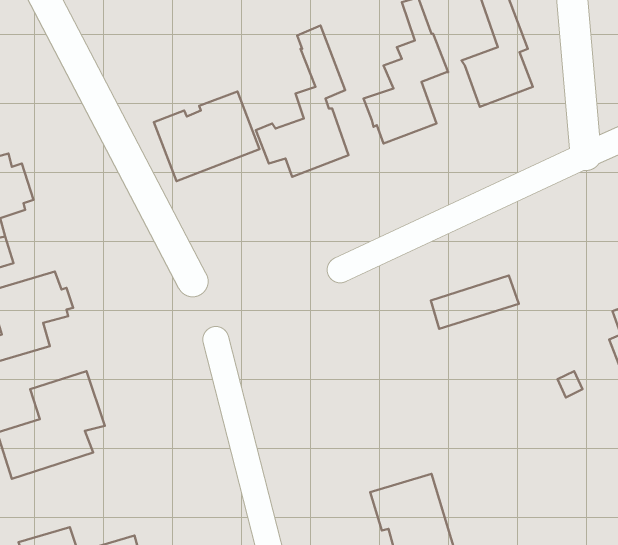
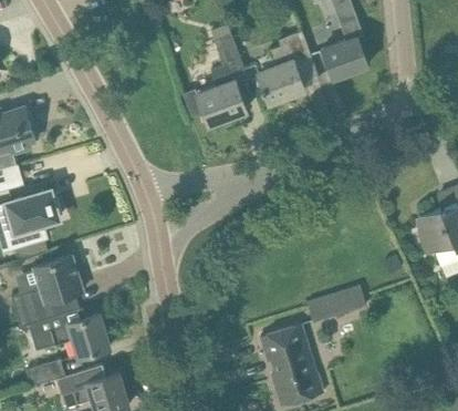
building: [154,91,260,181] -> none
building: [431,276,519,329] -> [308,286,366,321]
building: none -> [29,307,110,357]

